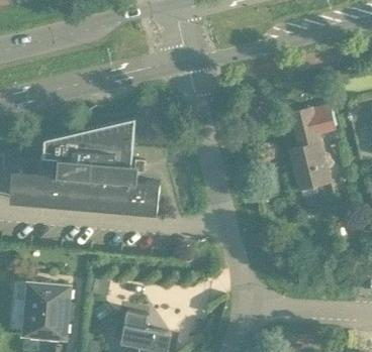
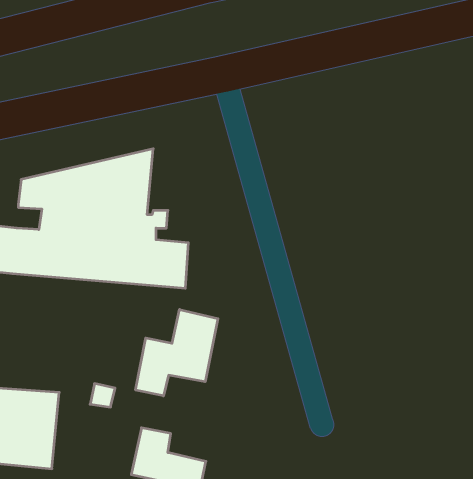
building: [288,107,335,191] -> none
building: none -> [136,309,218,396]

